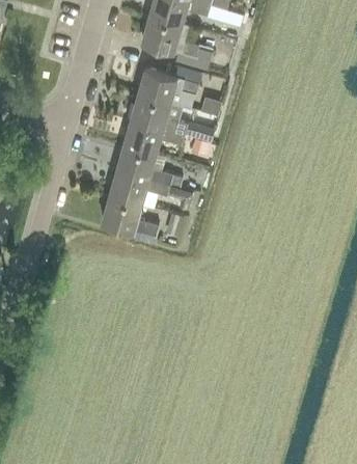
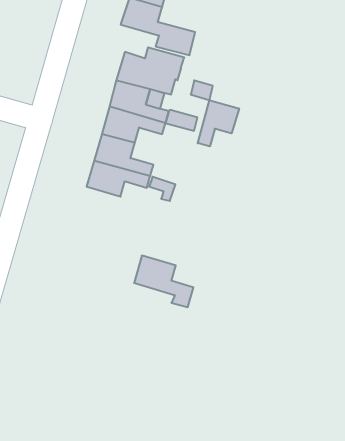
building: none -> [198,100,239,146]
building: [102,196,158,245] -> [134,256,193,307]

